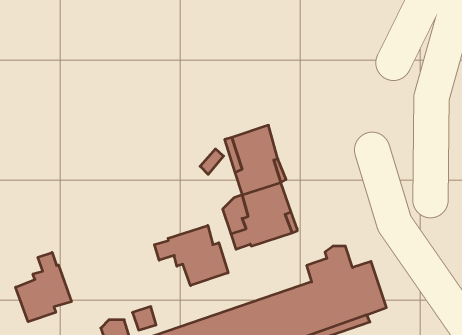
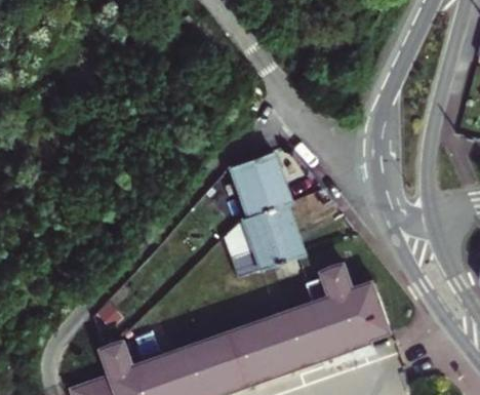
building: [154,225,228,286] -> none
building: [16,252,71,322] -> none

